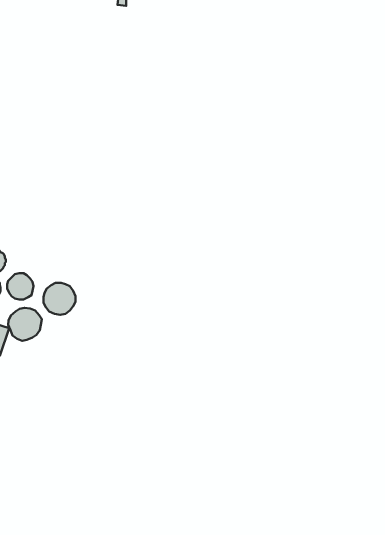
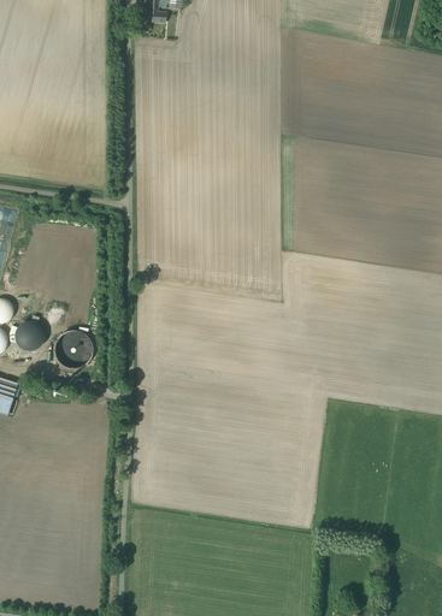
building: [8,308,42,341] -> none

